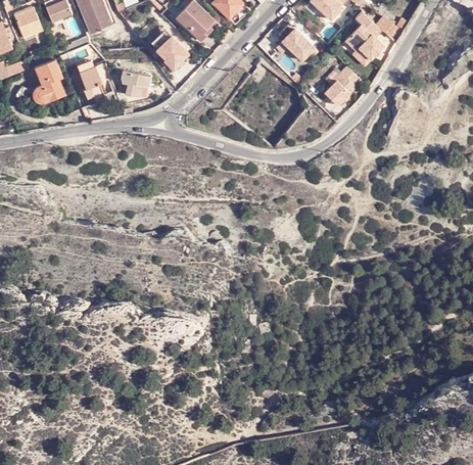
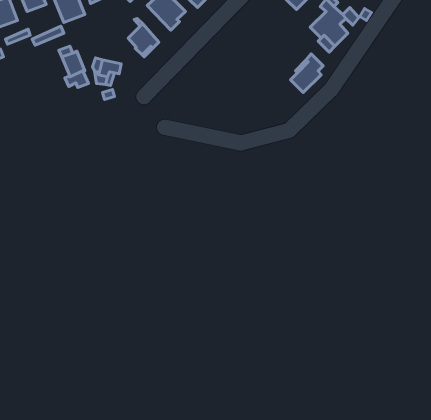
building: [278,24,314,61] -> none
building: [35,58,66,104] -> none

